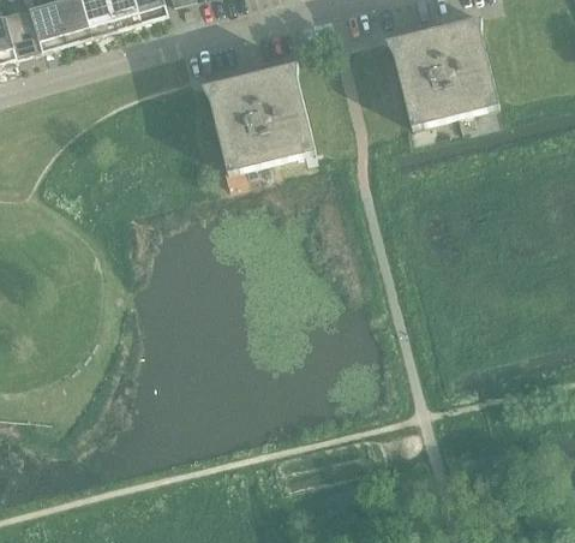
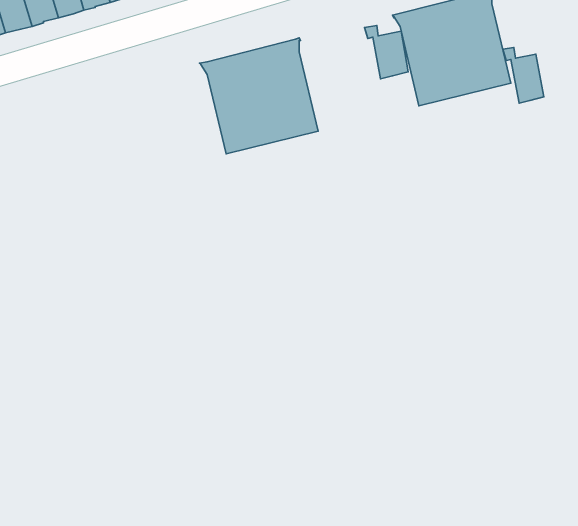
building: none -> [364,25,408,79]
building: none -> [503,47,544,103]

